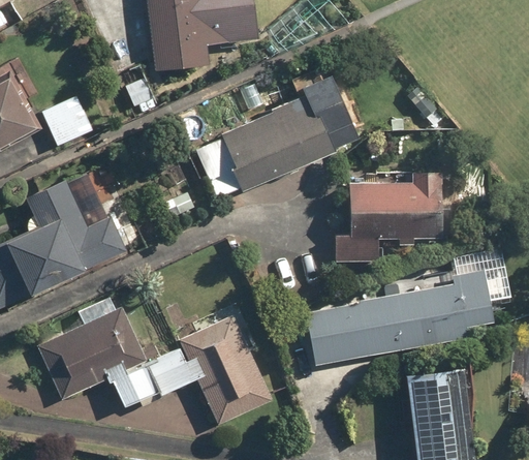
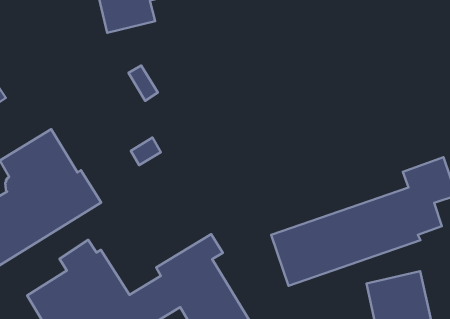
building: [198,69,352,198] -> none
building: [42,93,94,147] -> none
building: [334,172,456,262] -> none

